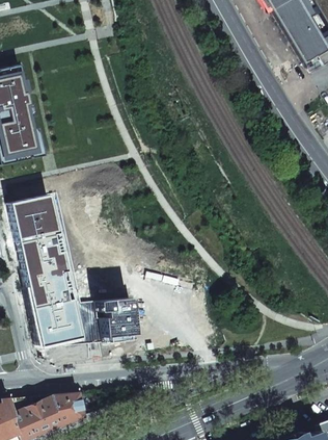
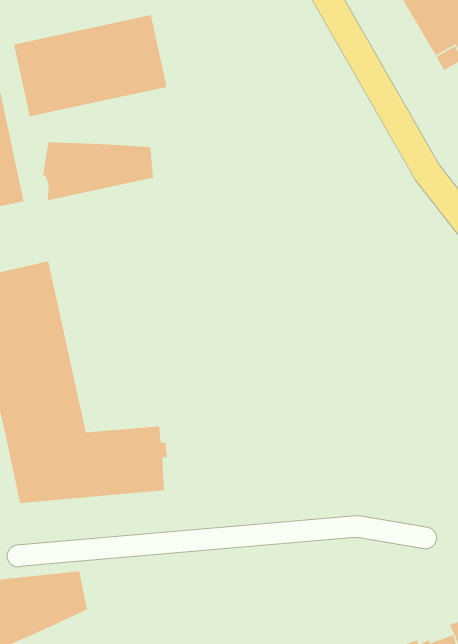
building: none -> [13,14,168,117]
building: none -> [42,142,154,201]

